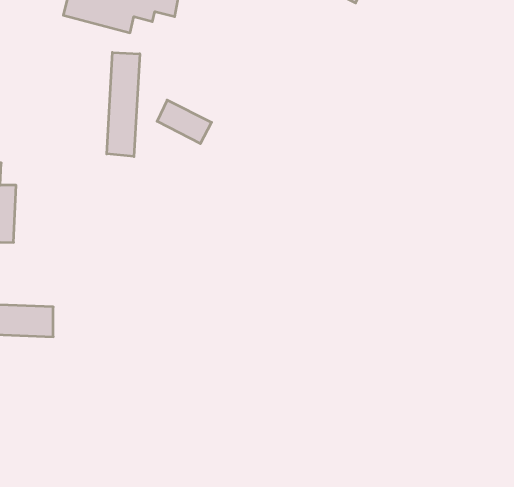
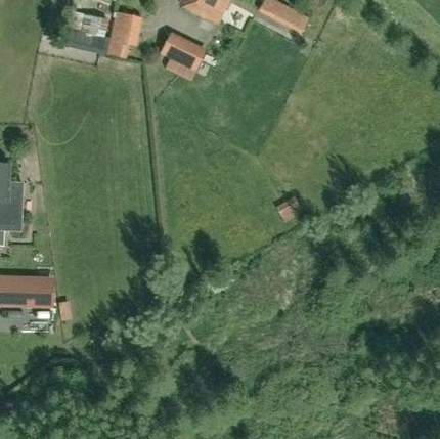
building: [107,52,140,157] -> none
building: [157,100,212,144] -> [160,35,205,71]

